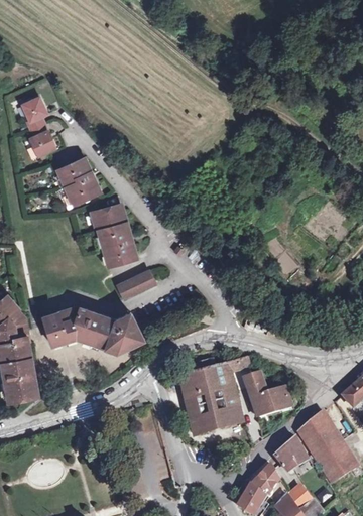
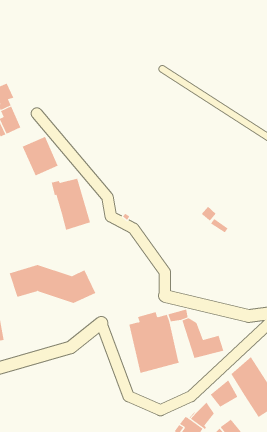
building: [117,271,155,299] -> none

